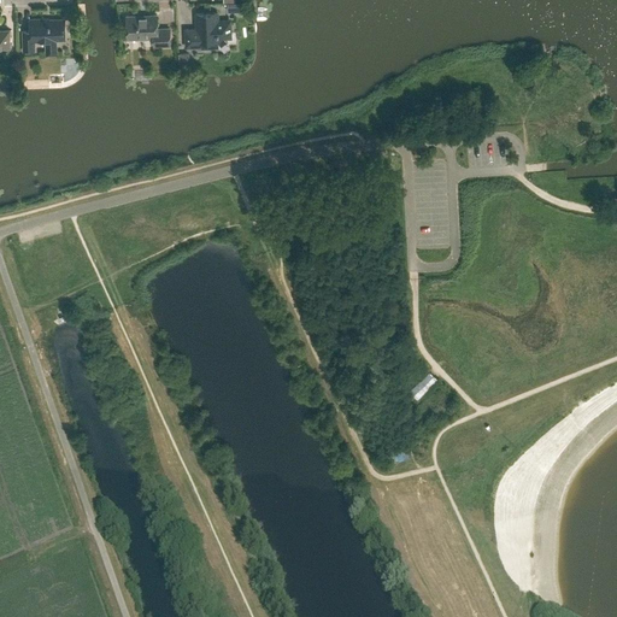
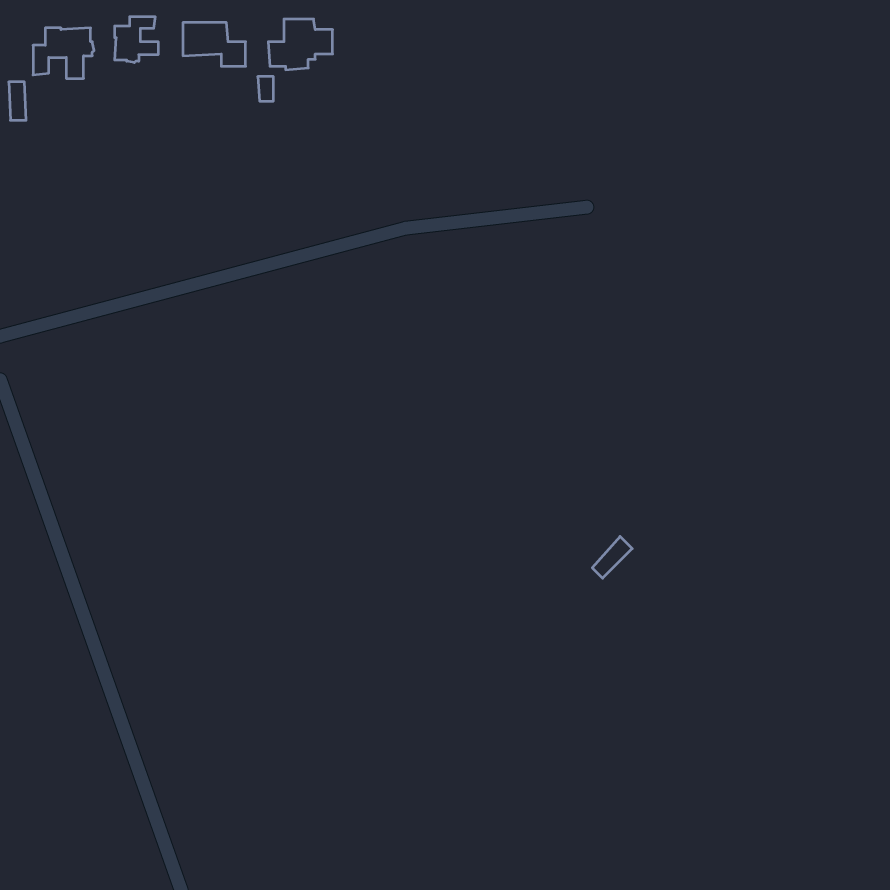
building: none -> [115,17,158,63]

